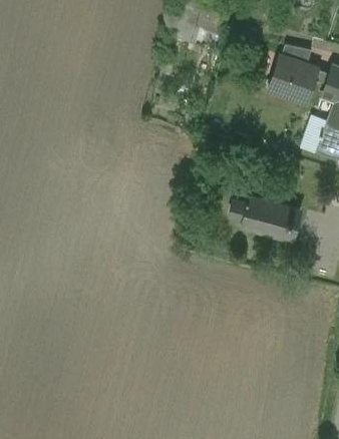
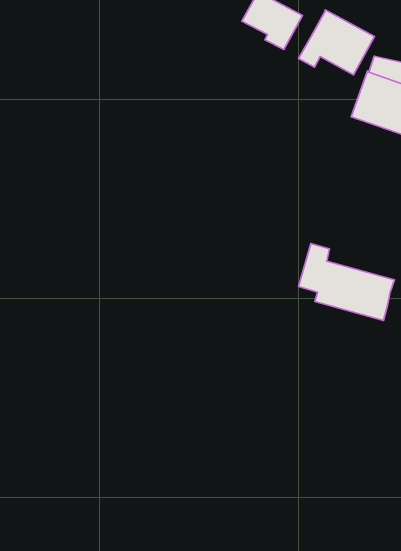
building: none -> [298,10,374,75]

